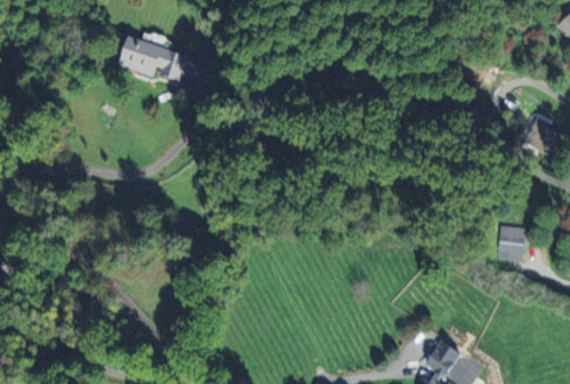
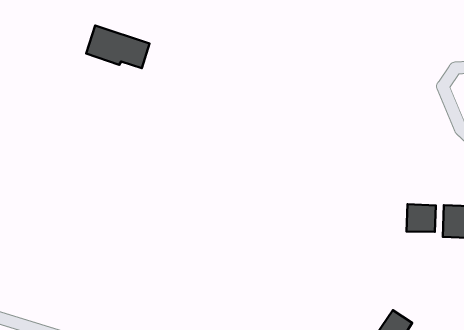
building: none -> [406,204,436,232]

